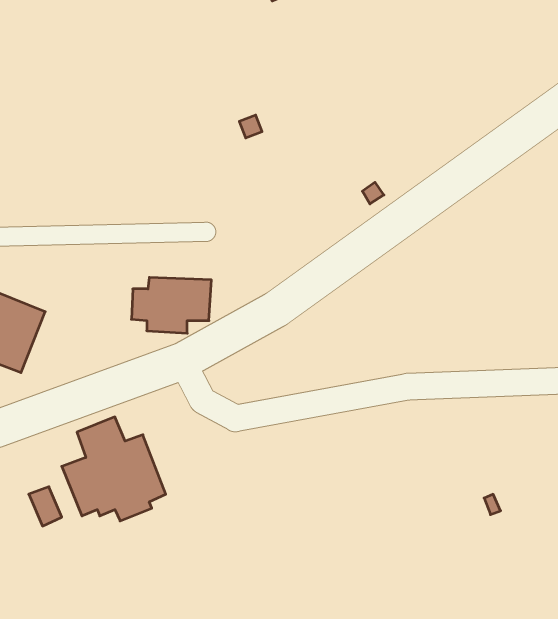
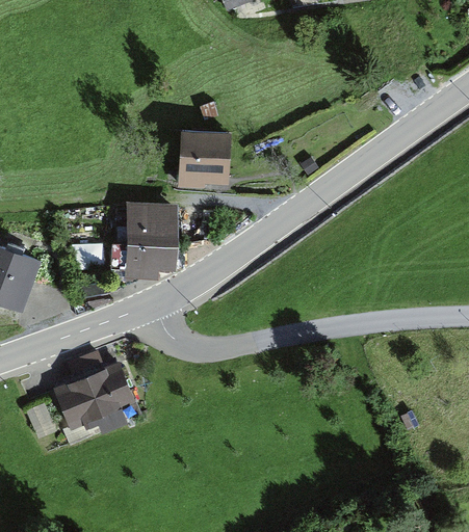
building: none -> [177,129,231,187]
building: none -> [116,202,178,236]

